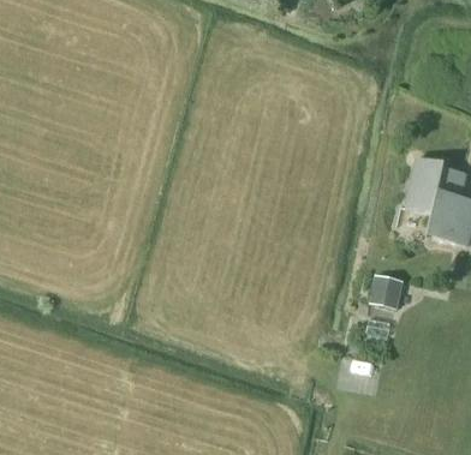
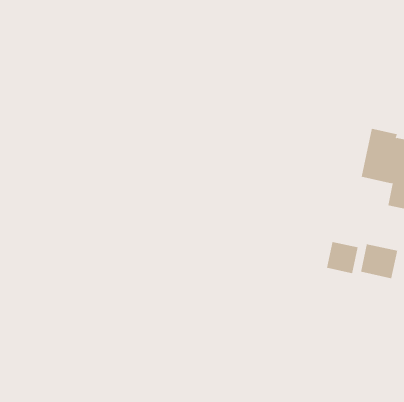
building: none -> [360,244,398,279]

